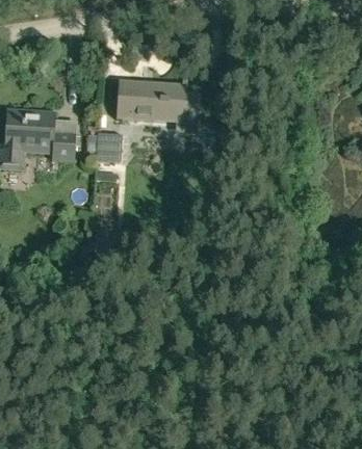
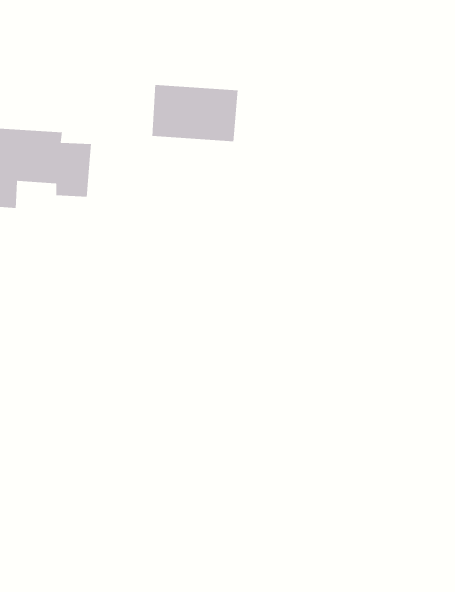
building: [95,134,121,162] -> none

